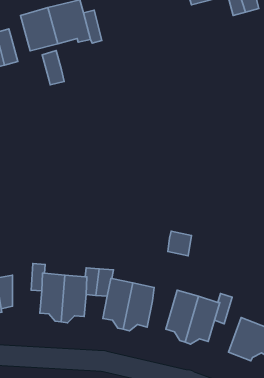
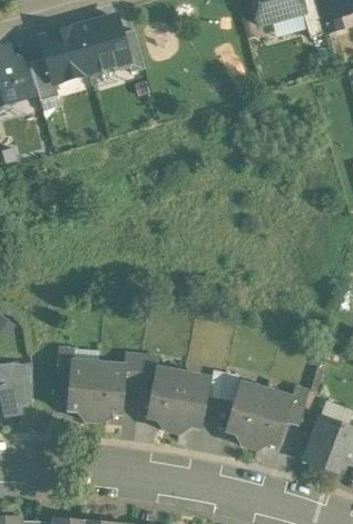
building: [42,50,64,85] -> [29,57,57,100]
building: [168,231,192,256] -> [207,369,237,401]

